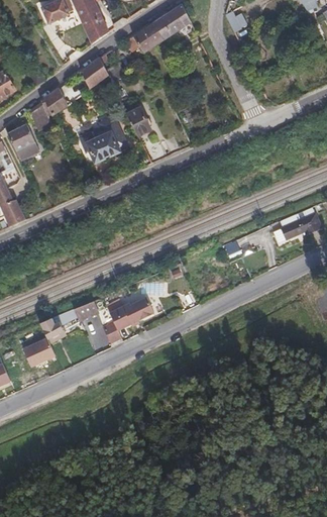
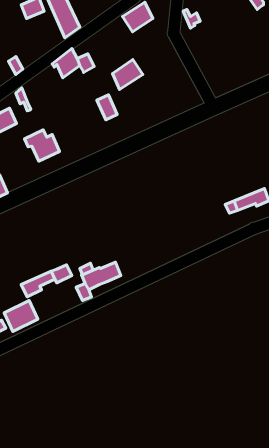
building: [133,19,168,54] -> [112,59,143,90]
building: [41,87,67,118] -> none
building: [80,127,119,163] -> [25,130,59,161]

